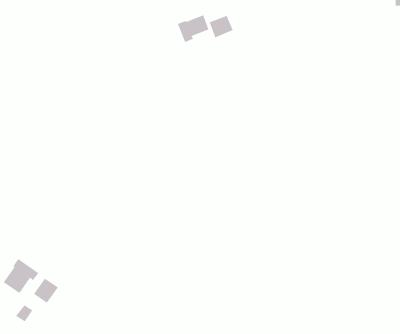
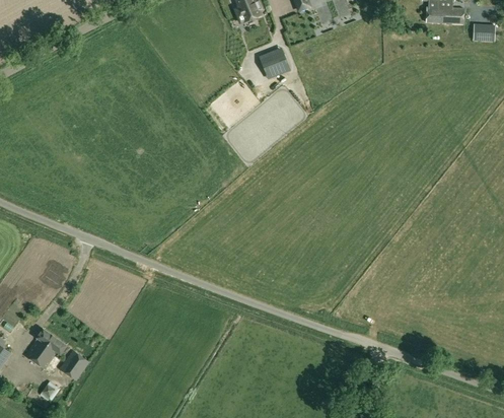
building: [177,14,209,43] -> none

